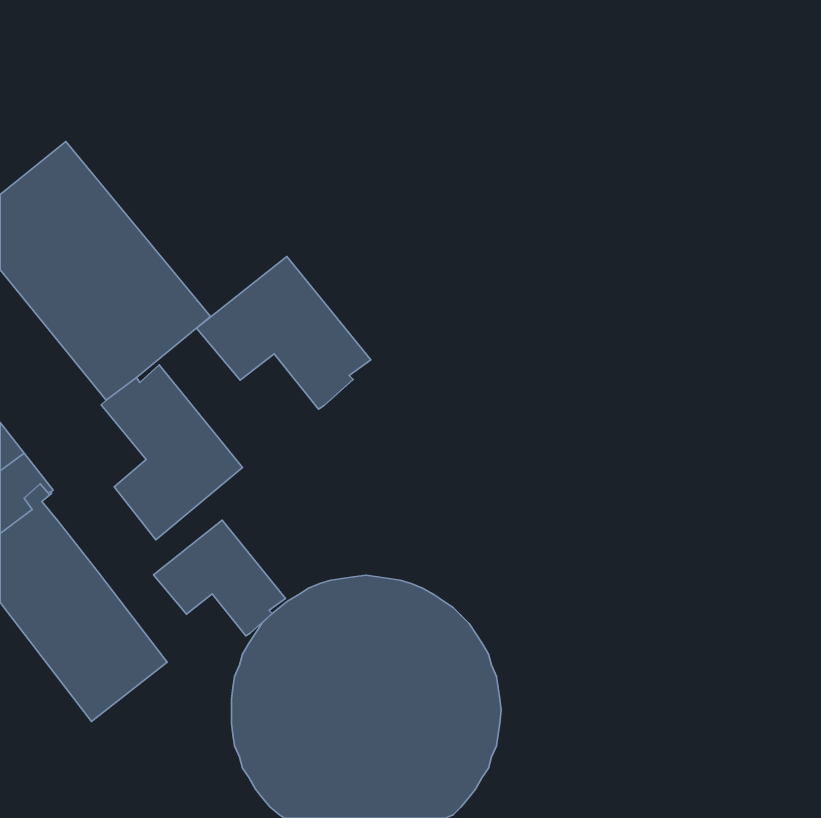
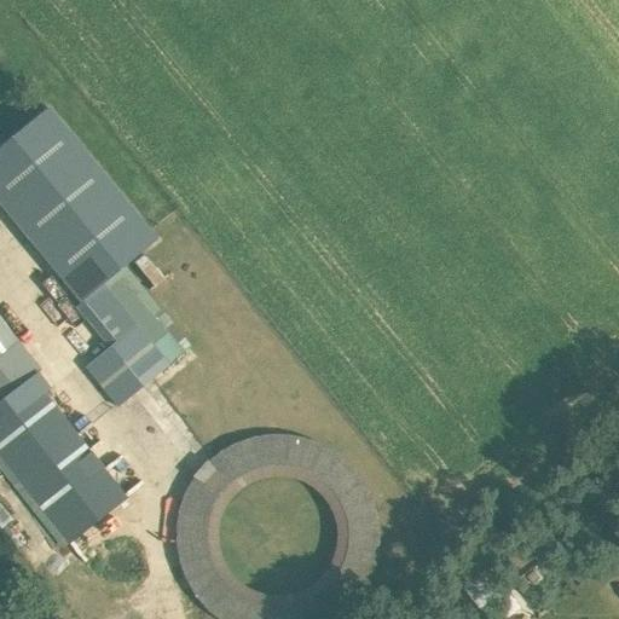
building: [196,257,371,409] -> none
building: [153,520,286,636] -> none

